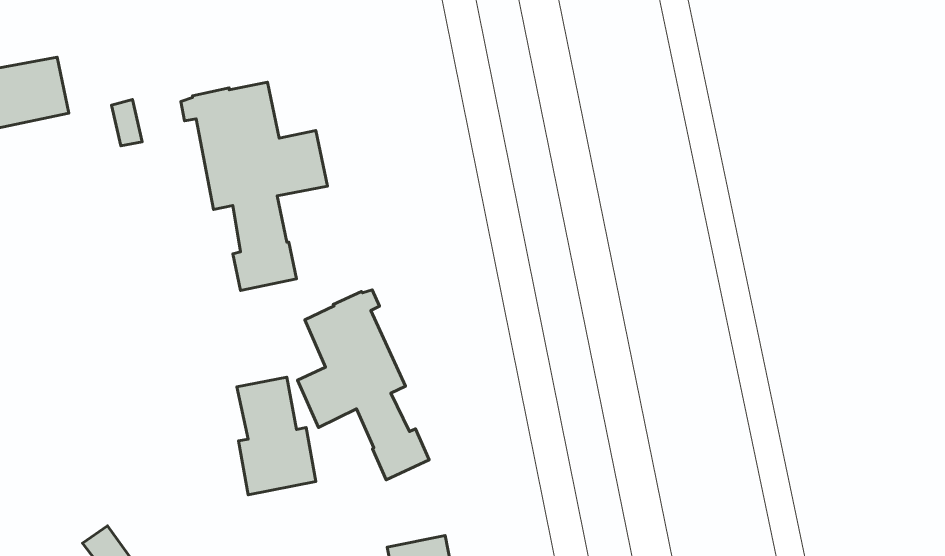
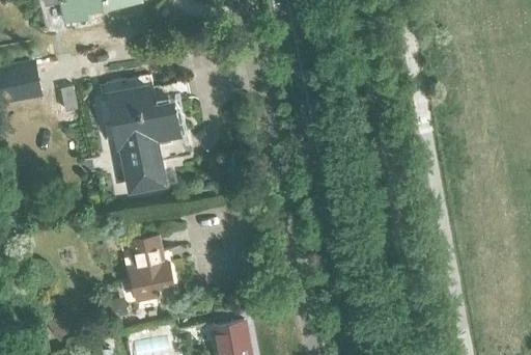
building: [297,290,429,480] -> none

